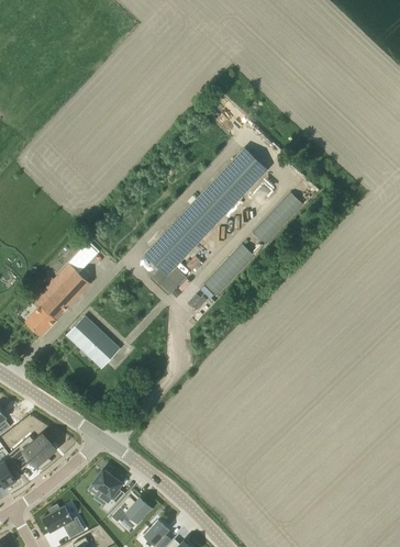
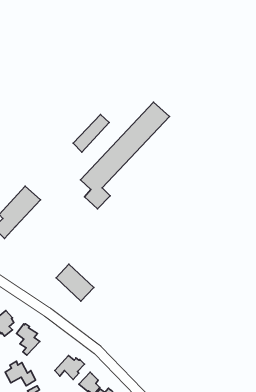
building: [253,192,302,244] -> none
building: [204,244,254,295] -> [73,114,109,152]
building: [67,316,119,367] -> [56,264,94,301]
building: [93,469,125,512] -> [17,324,40,355]

